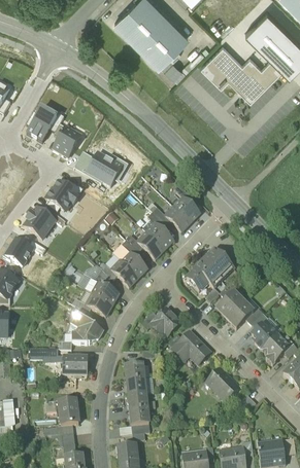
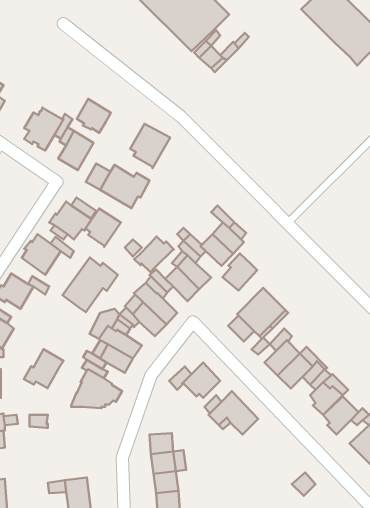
building: [200,44,282,100] -> none
building: none -> [77,99,111,133]
building: none -> [130,124,170,168]
building: none -> [86,209,121,247]
building: none -> [134,237,174,272]
building: none -> [223,254,257,290]
building: none -> [63,258,118,312]
building: none -> [24,349,64,388]
building: [62,358,87,376] -> none
building: [205,368,240,402] -> none

